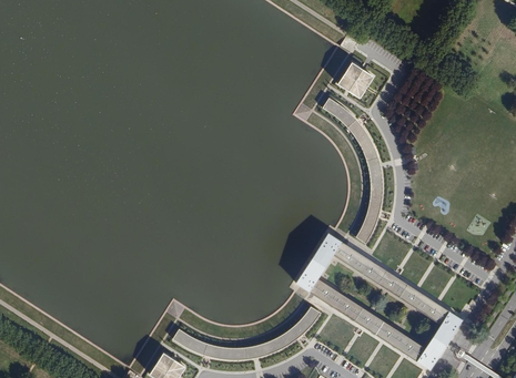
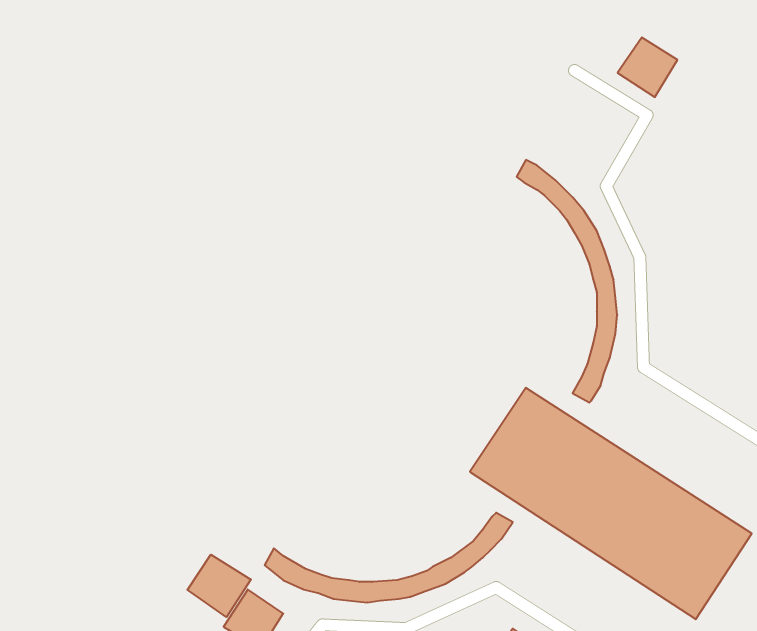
building: [337,62,373,98] -> [618,37,677,97]
building: none -> [187,555,251,617]

